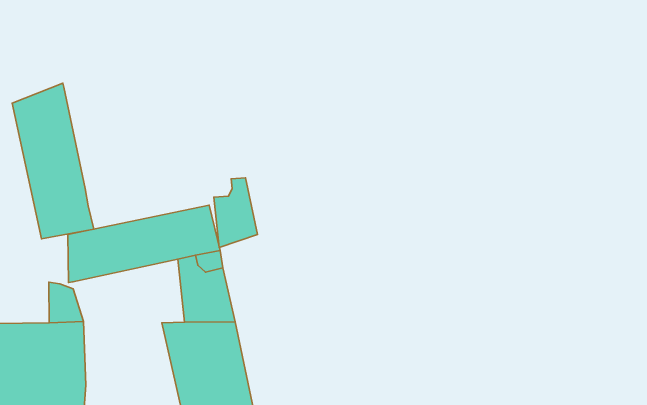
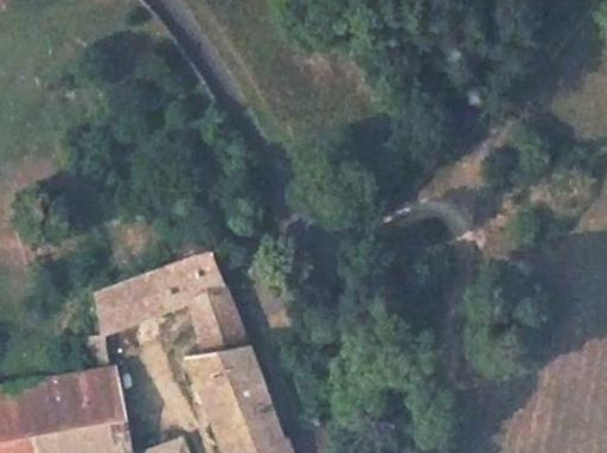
building: [12,83,94,239] -> none
building: [214,178,258,247] -> none

